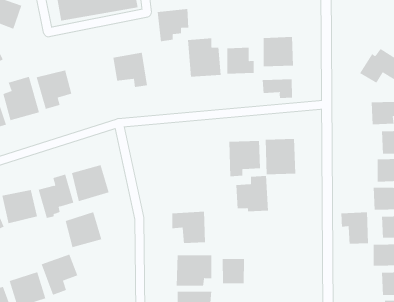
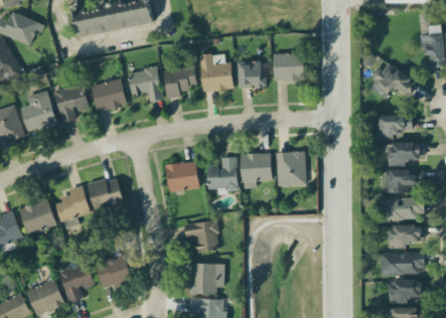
building: [157,9,189,42] -> [164,66,195,99]
building: none -> [92,80,126,112]
building: [262,78,292,99] -> none
building: none -> [165,161,200,193]
building: [236,176,269,212] -> [206,157,239,192]
building: [65,212,102,248] -> [96,254,132,289]
building: [341,212,368,244] -> none
building: [222,258,245,284] -> none

